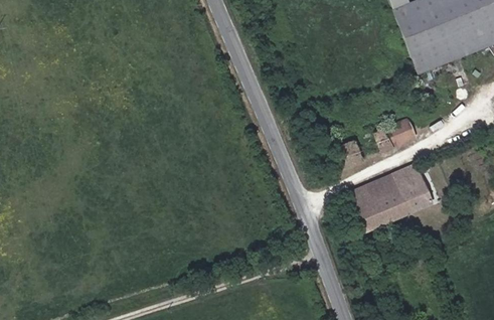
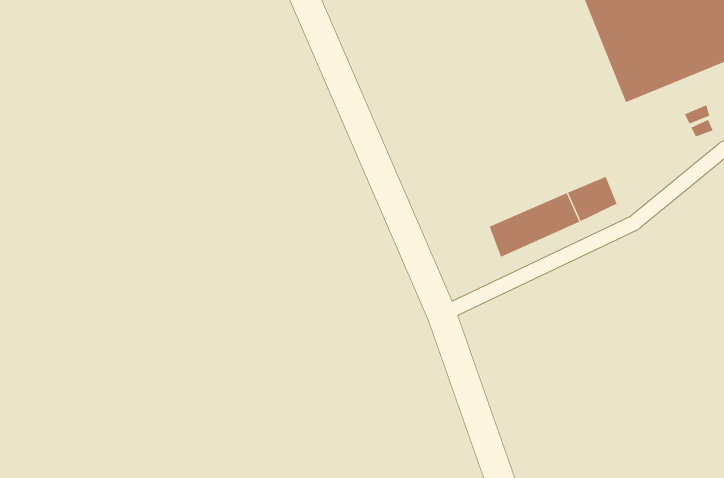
building: [352,164,433,230] -> none

